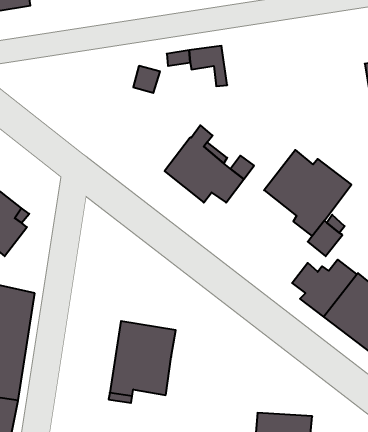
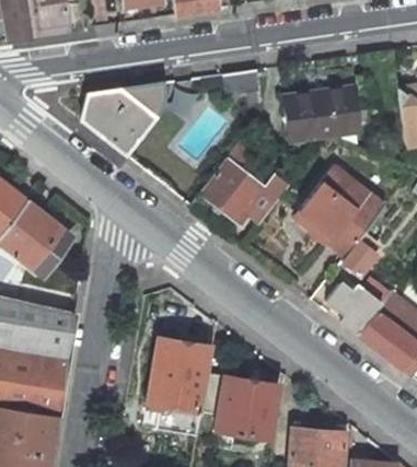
building: none -> [81,83,164,154]
building: none -> [283,86,360,143]
building: none -> [202,374,279,439]

